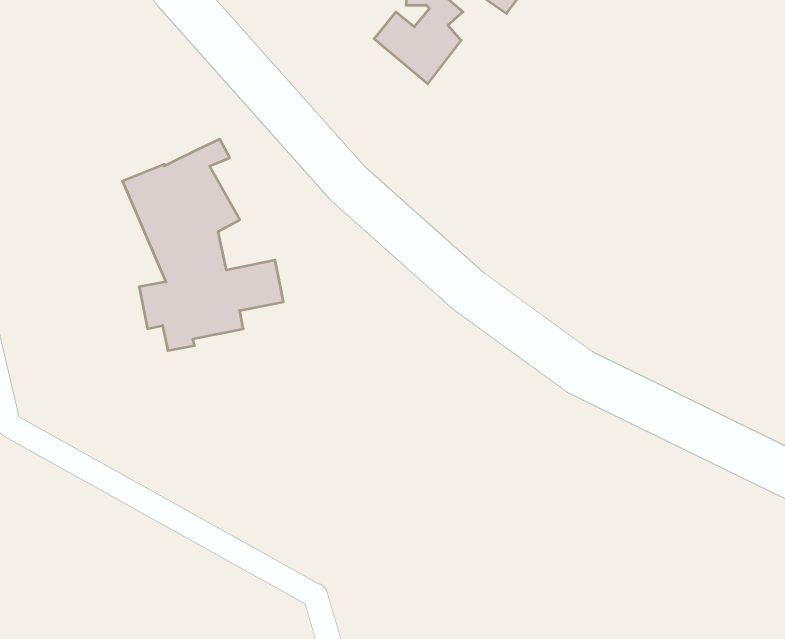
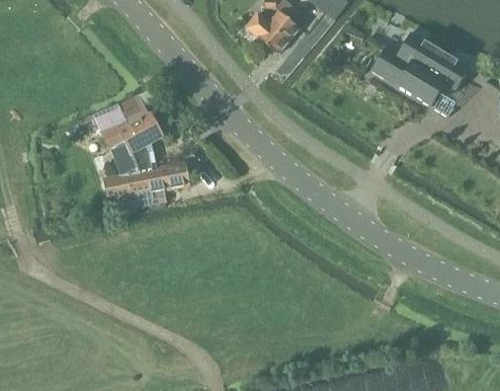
building: none -> [371,32,471,106]

